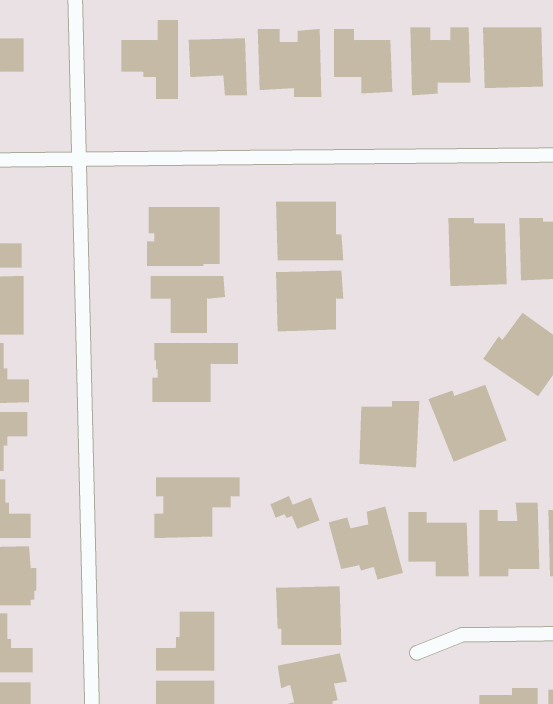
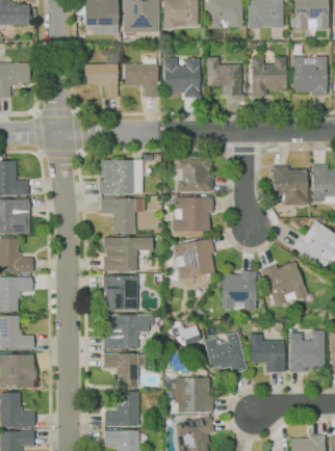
building: none -> [175,239,214,278]
building: none -> [103,276,138,312]
building: none -> [105,353,145,388]

